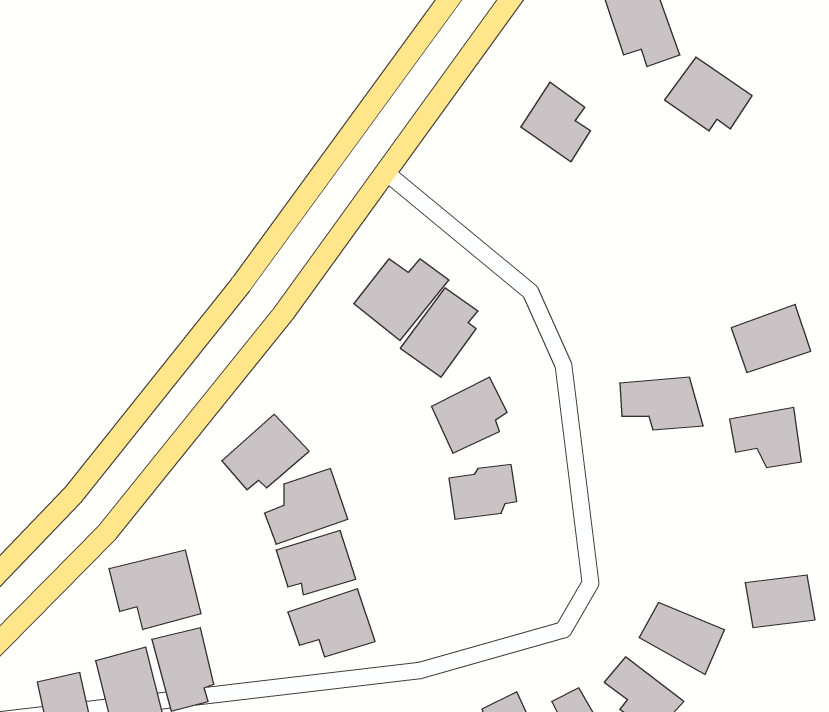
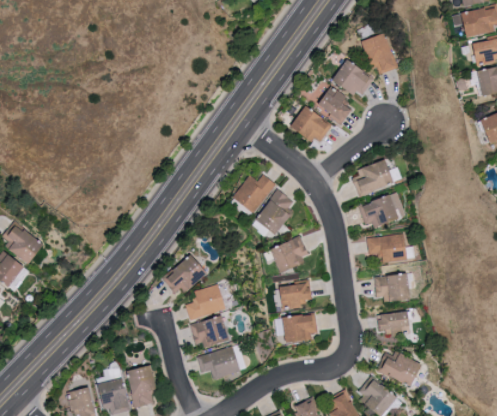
building: [665,57,752,131] -> [330,58,375,96]
building: none -> [289,105,333,144]
building: none -> [350,159,395,198]
building: [731,304,811,372] -> [357,194,398,229]
building: [730,407,801,468] -> [373,274,410,305]
building: none -> [280,315,315,345]
building: [109,550,201,630] -> none
building: [745,575,815,628] -> [375,311,411,338]

